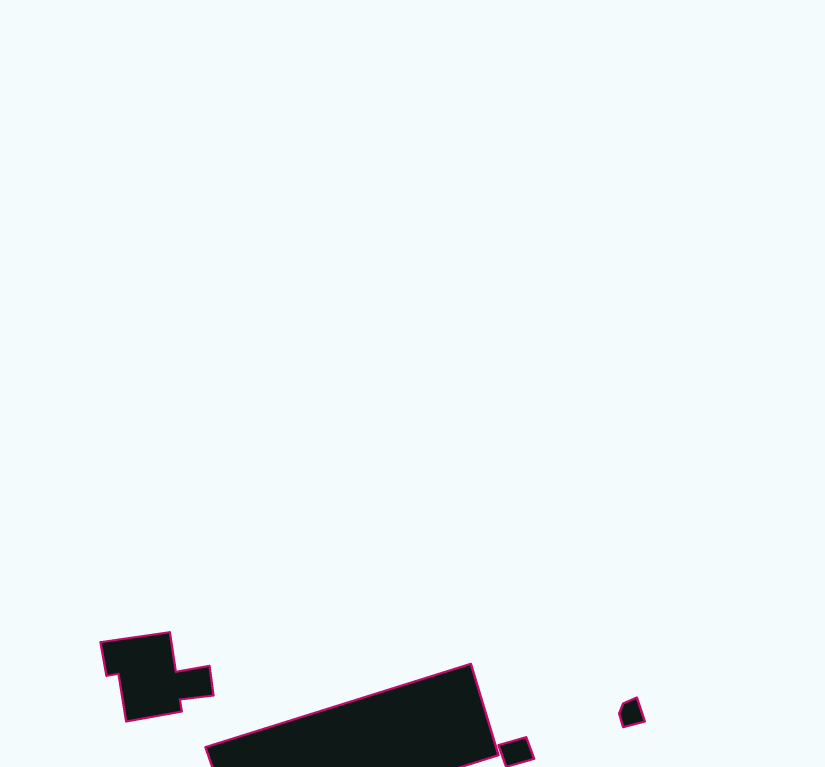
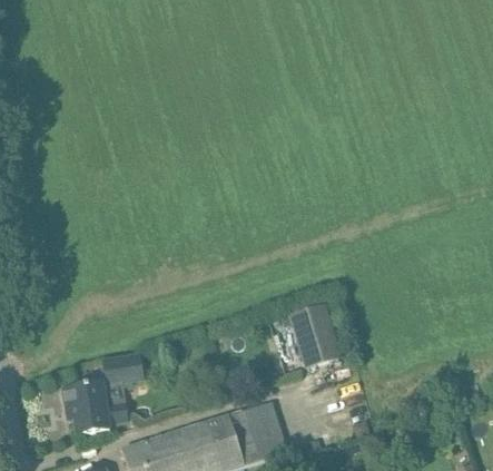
building: none -> [289,304,339,366]
building: none -> [103,353,142,381]

